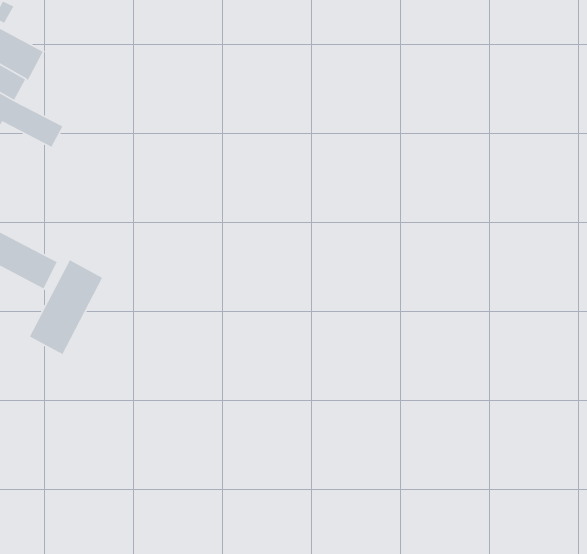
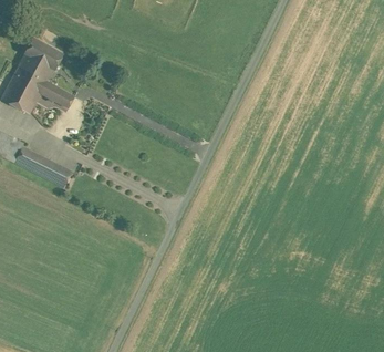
building: [29,259,103,355] -> none

